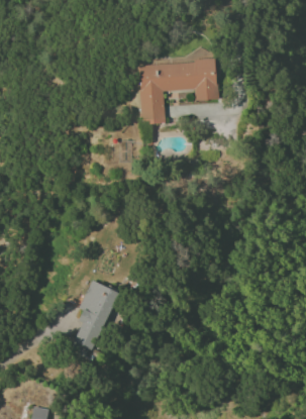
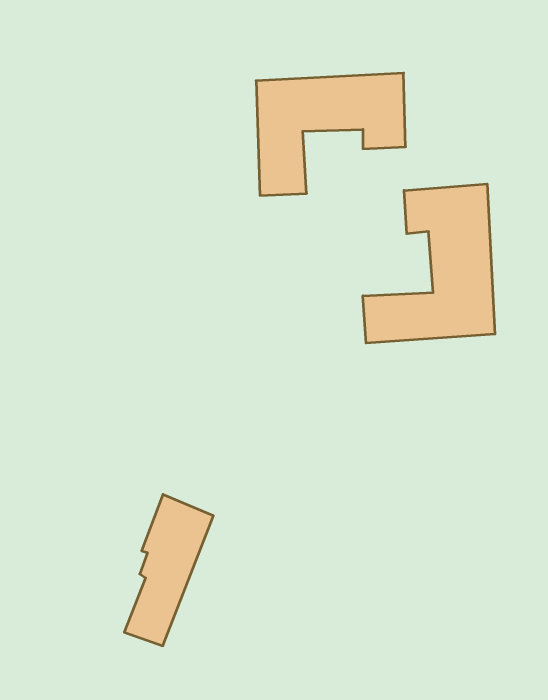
building: none -> [363,184,495,343]

